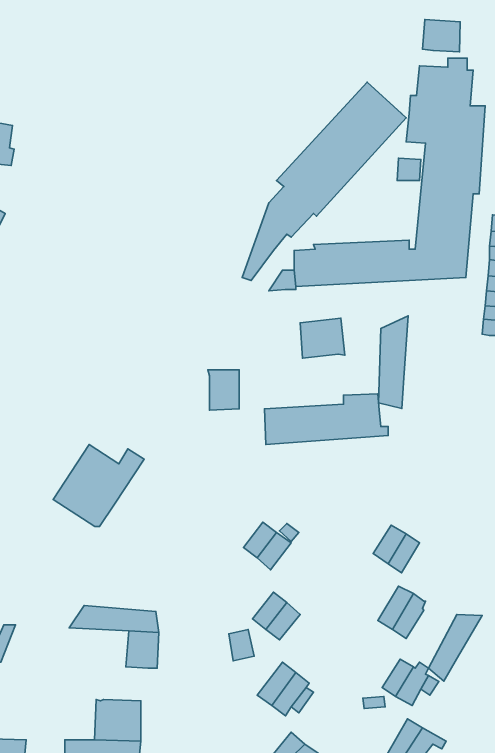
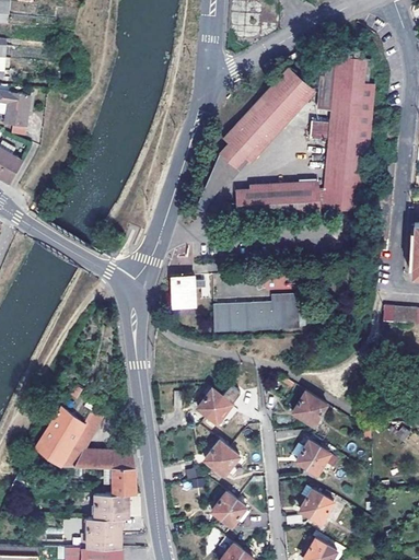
building: [423,20,460,52] -> none
building: [379,316,408,409] -> none
building: [300,318,345,358] -> none
building: [53,444,144,526] -> [35,406,102,466]
building: [428,615,482,681] -> none
building: none -> [94,494,127,520]

